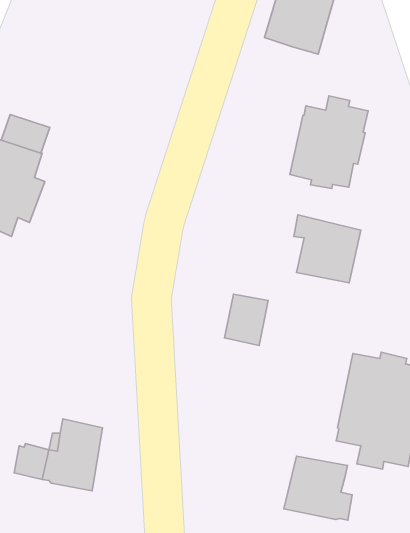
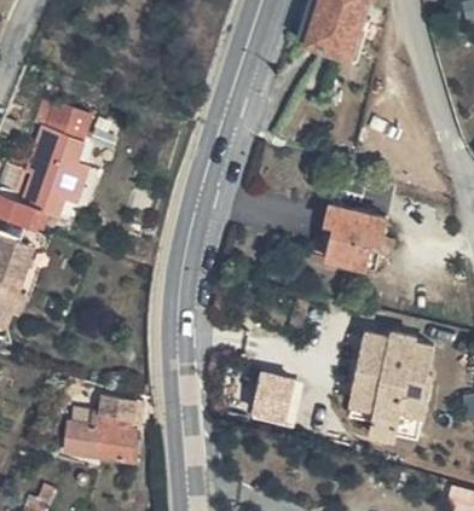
building: [290,96,368,189] -> none
building: [224,294,268,345] -> [259,362,300,411]
building: [284,456,352,520] -> none

